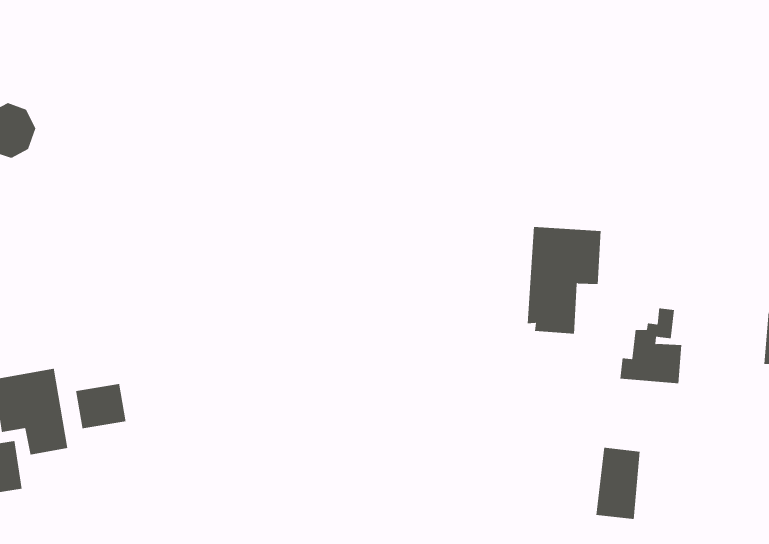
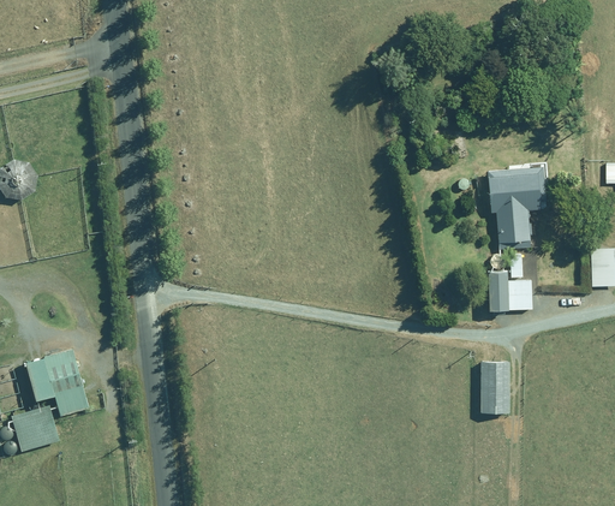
building: [527,226,601,334] -> [490,168,543,248]
building: [75,383,126,429] -> none

